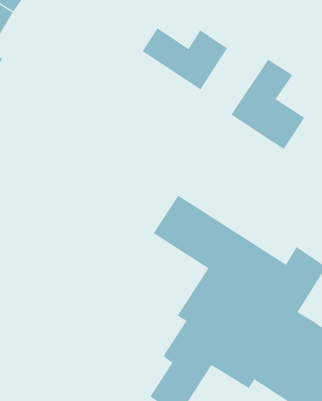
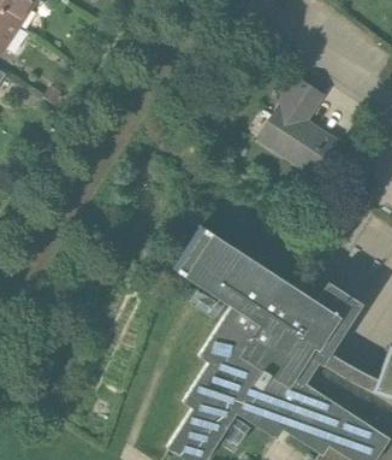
building: [142,28,228,90] -> none

